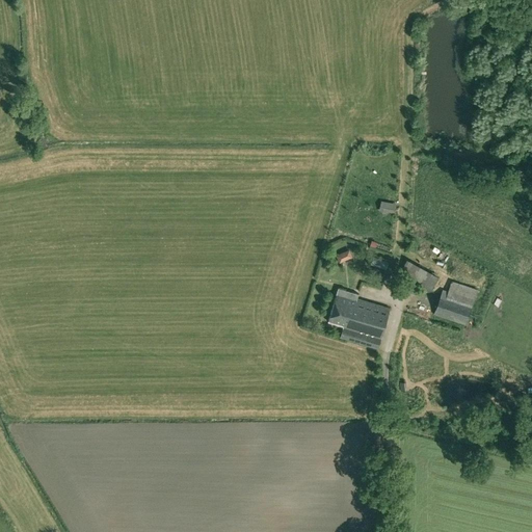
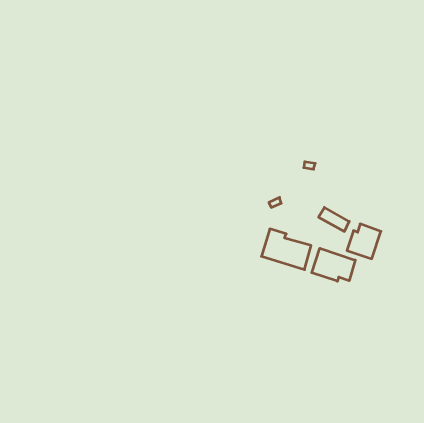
building: none -> [312,248,355,281]

